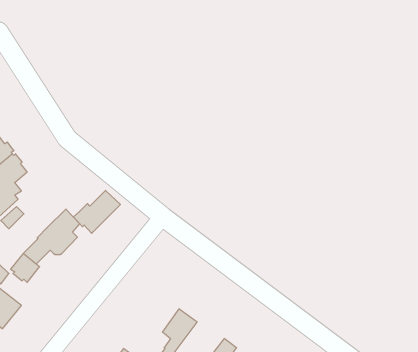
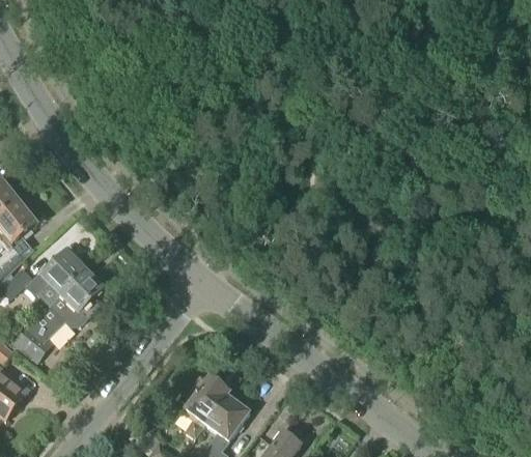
building: [73,190,120,233] -> [26,252,85,306]
building: none -> [183,375,230,437]

